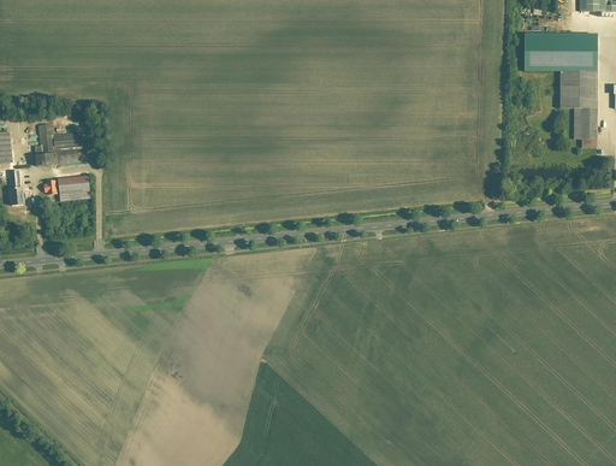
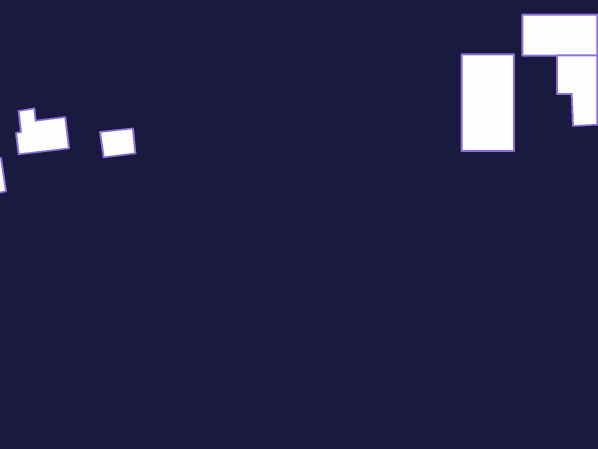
building: none -> [462,54,514,151]
building: [53,175,88,202] -> [100,129,136,157]

